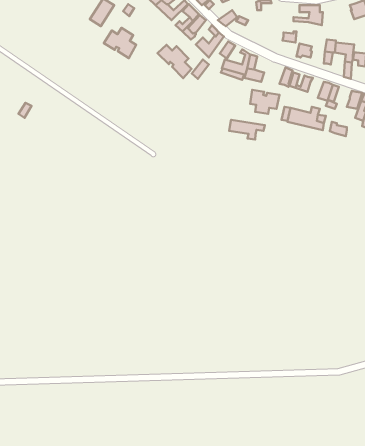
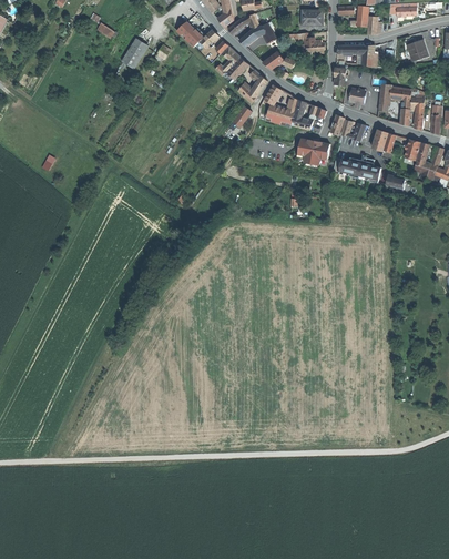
building: [104,28,136,58] -> none
building: [158,45,191,78] -> none
building: [229,120,265,140] -> none

